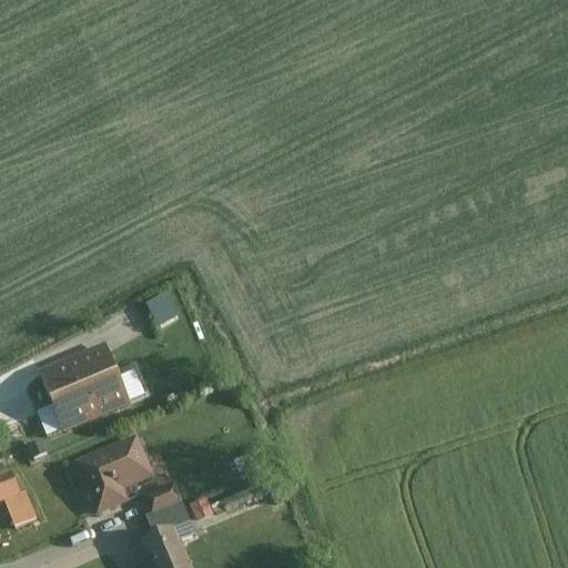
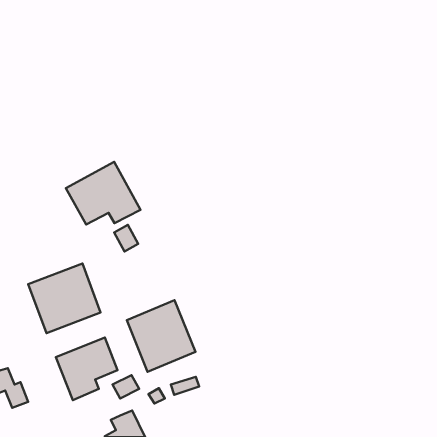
building: none -> [66,162,141,225]
building: none -> [127,300,195,372]
building: [146,503,189,537] -> none

